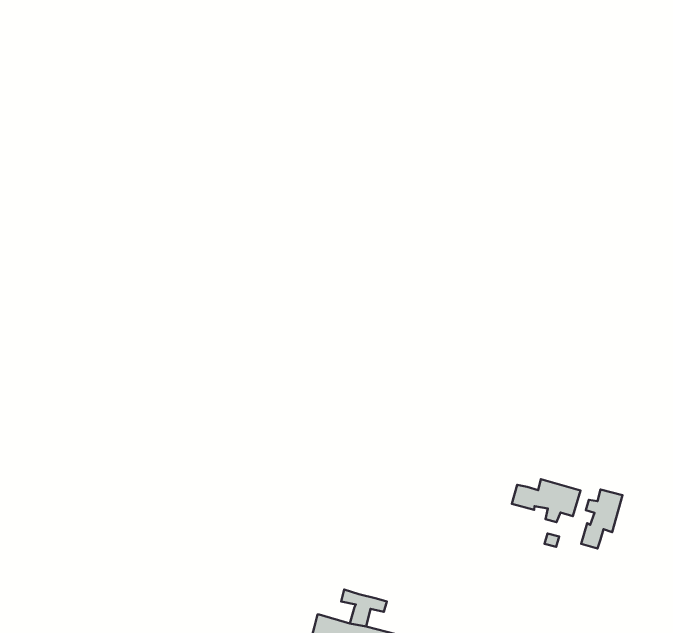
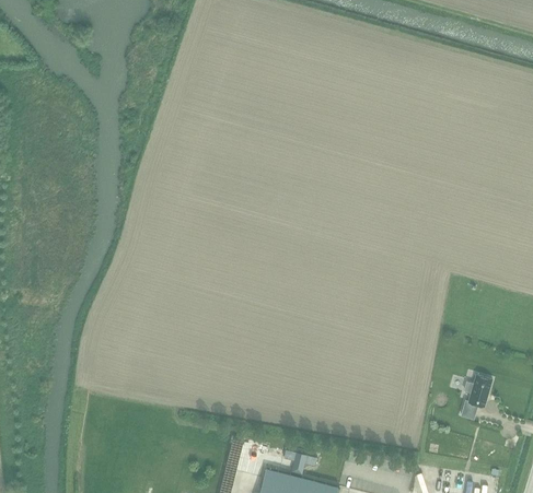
building: [512,479,580,522] -> none

